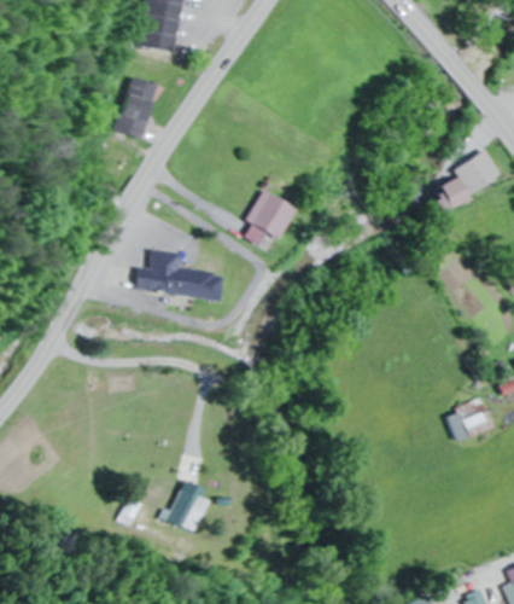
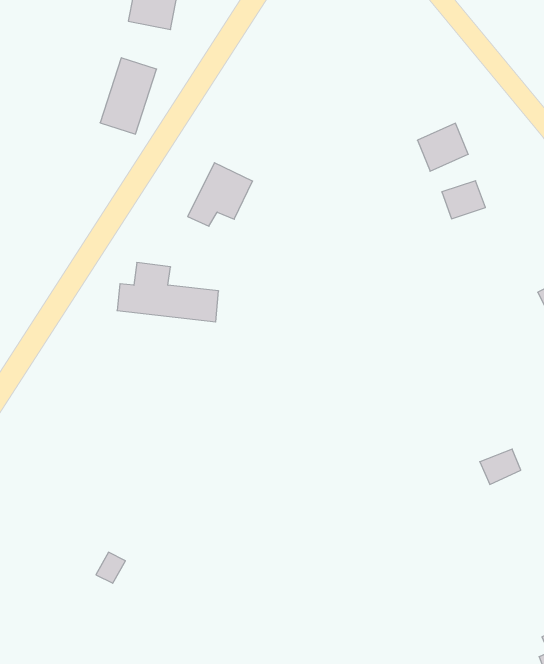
building: [443,150,486,191] -> [417,123,468,171]
building: [241,191,297,245] -> [188,163,253,226]
building: [167,488,206,533] -> none

